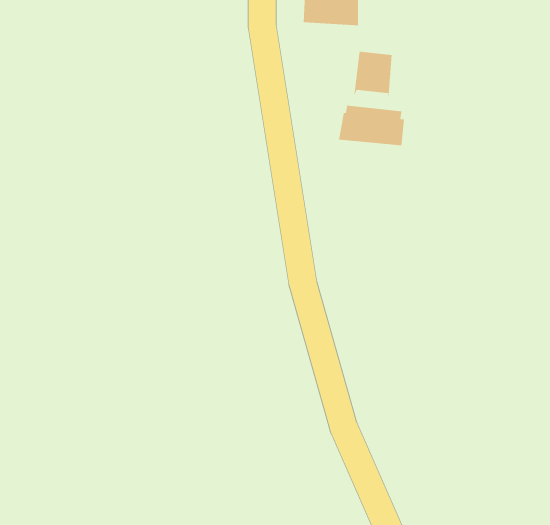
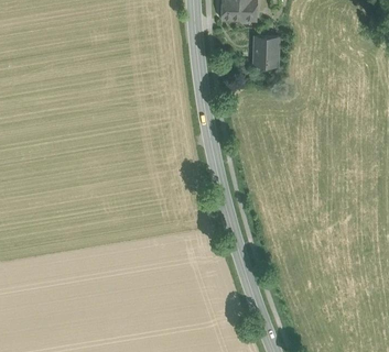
building: [339,105,405,146] -> none

